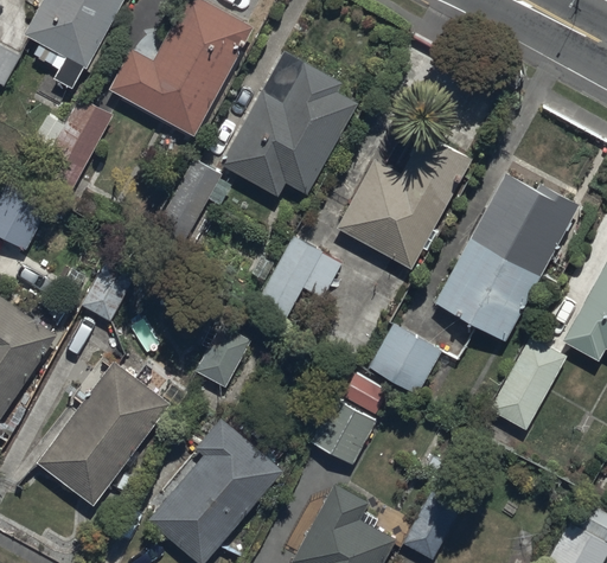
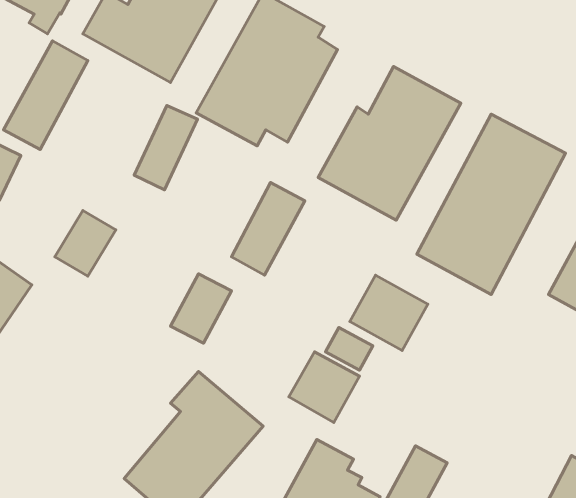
building: [488,338,566,431] -> none
building: [37,363,173,507] -> none

